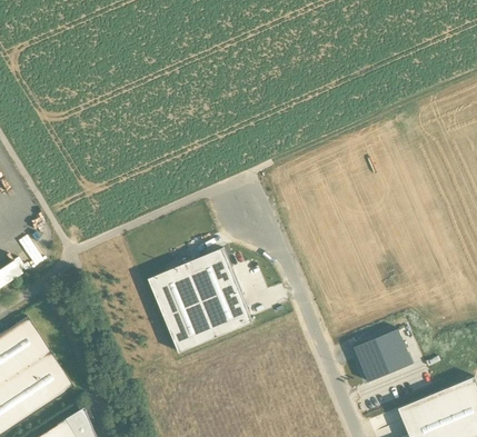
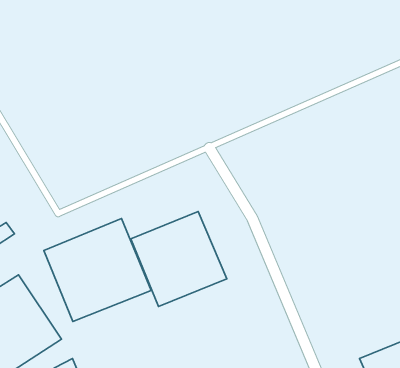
building: none -> [44,219,151,321]
building: [352,329,410,381] -> none

